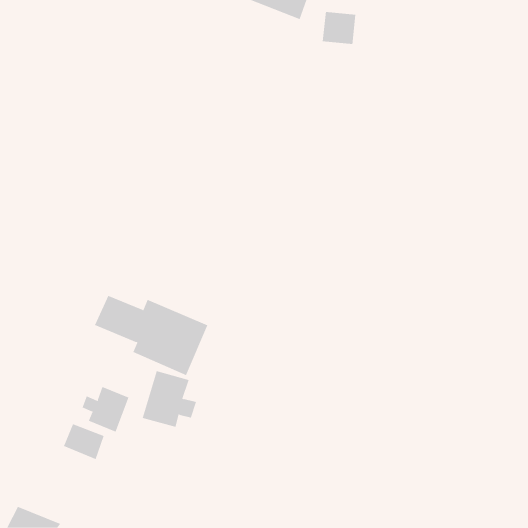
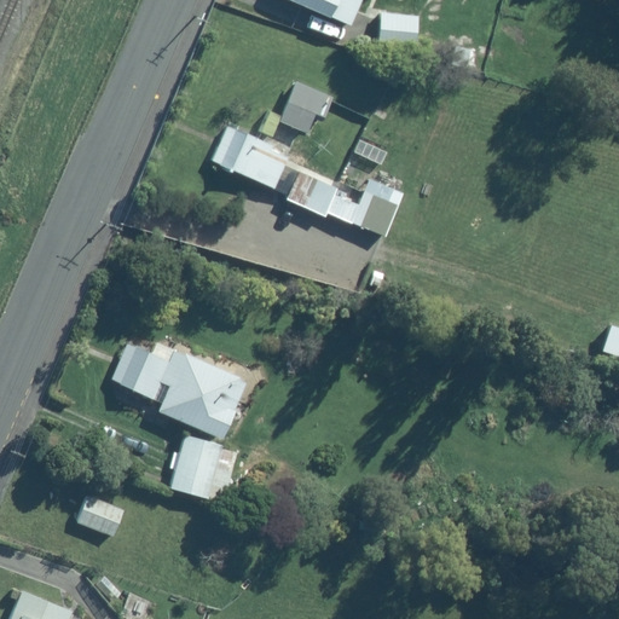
building: none -> [278,81,332,133]
building: none -> [210,126,398,236]
building: [82,386,129,433] -> none

